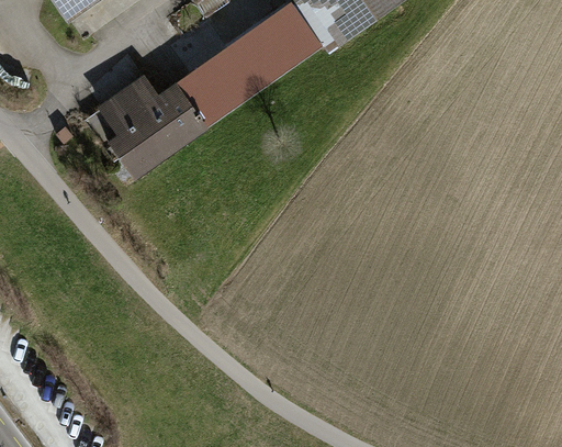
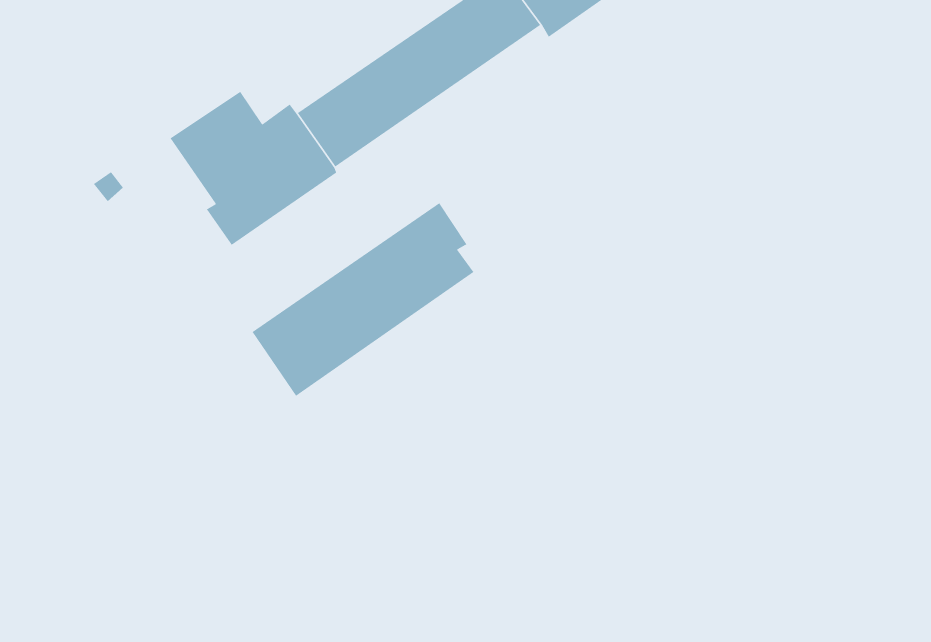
building: none -> [252,202,475,397]

